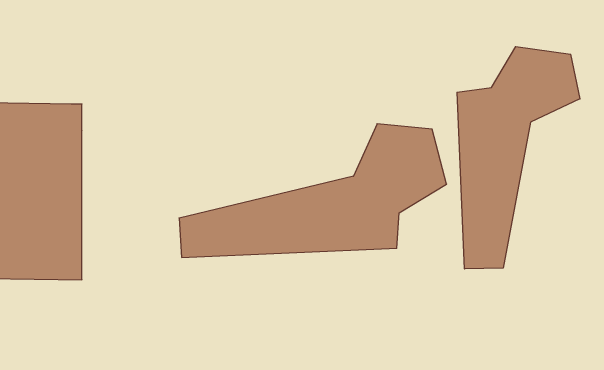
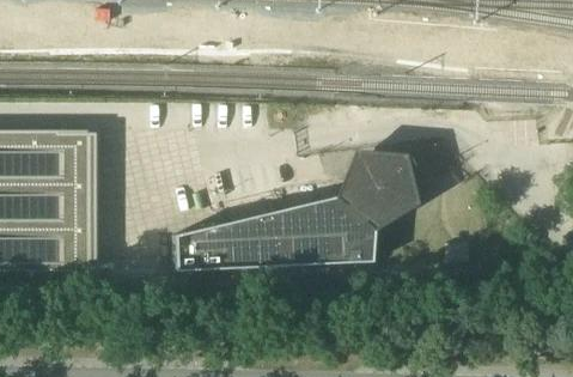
building: [457,47,580,269] -> none

